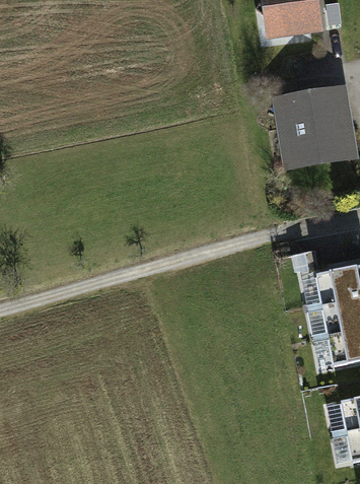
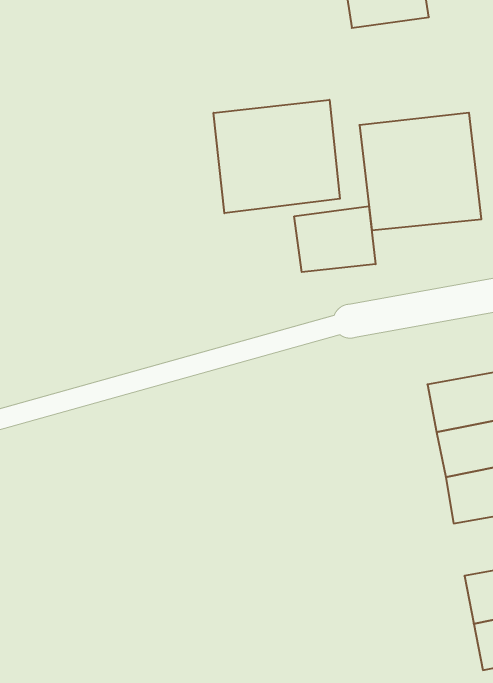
building: none -> [214,100,340,213]
building: none -> [294,206,376,272]

